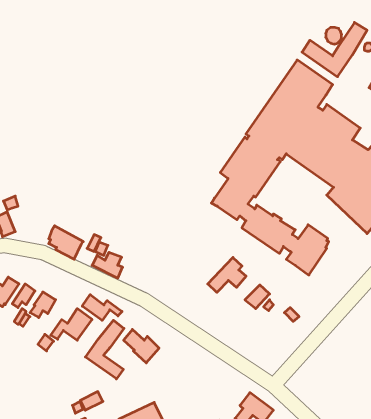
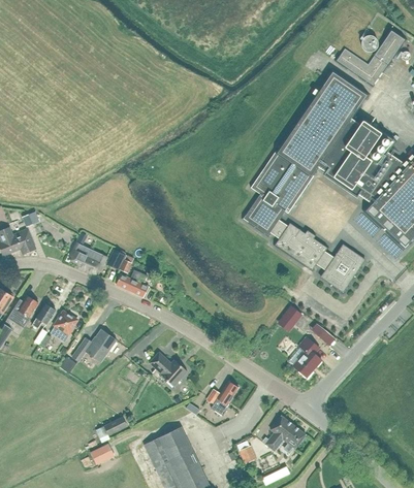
building: [208,257,246,292] -> none
building: [82,295,122,320] -> none
building: none -> [288,336,319,376]
building: [85,320,124,379] -> none
building: none -> [206,382,237,416]

